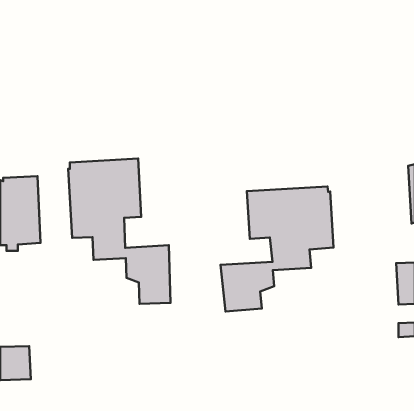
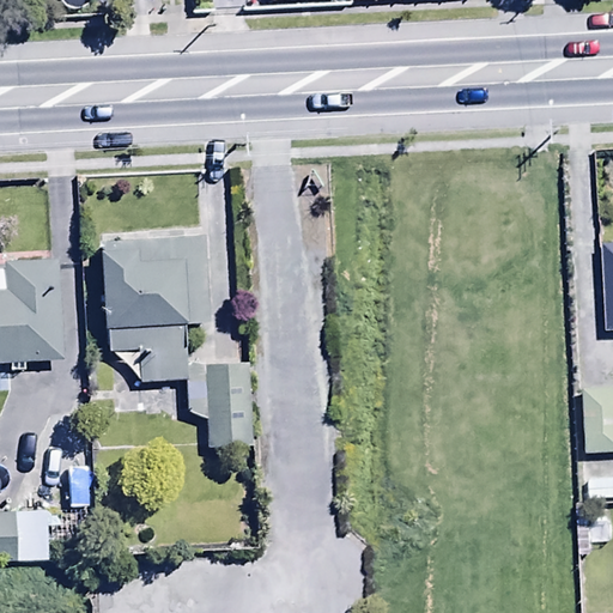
building: [221,186,333,312] -> none

